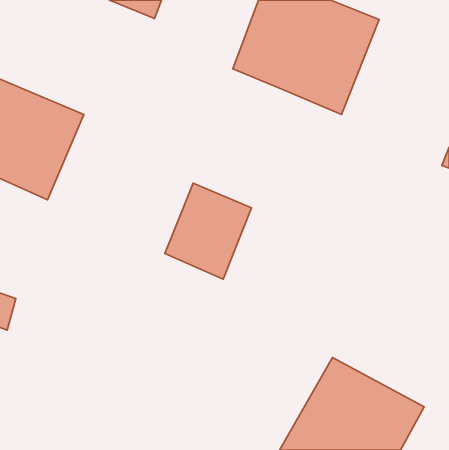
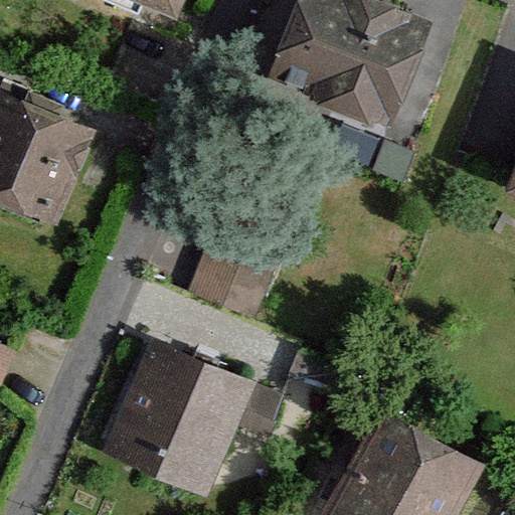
building: none -> [100,338,277,498]

